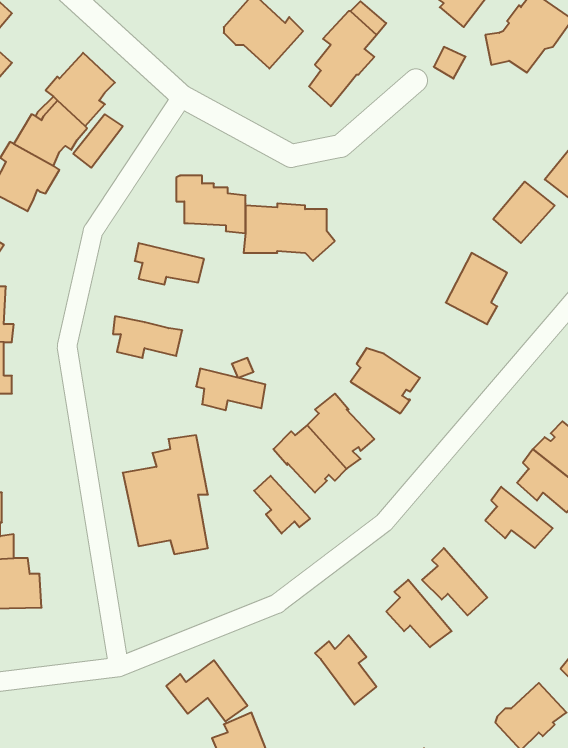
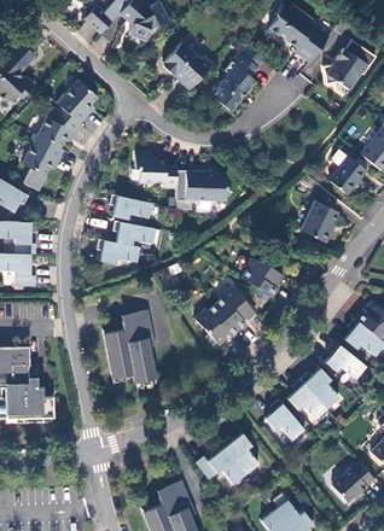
building: [196,369,265,410] -> [112,221,155,246]
building: [254,476,310,534] -> none
building: none -> [298,369,337,410]
building: [166,660,247,722] -> [194,448,244,485]

